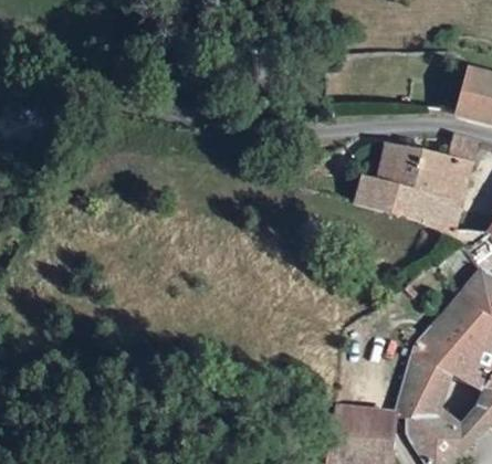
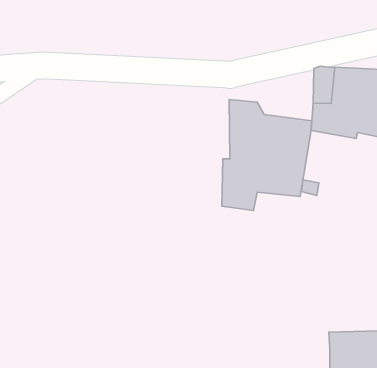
building: none -> [222,99,312,210]

